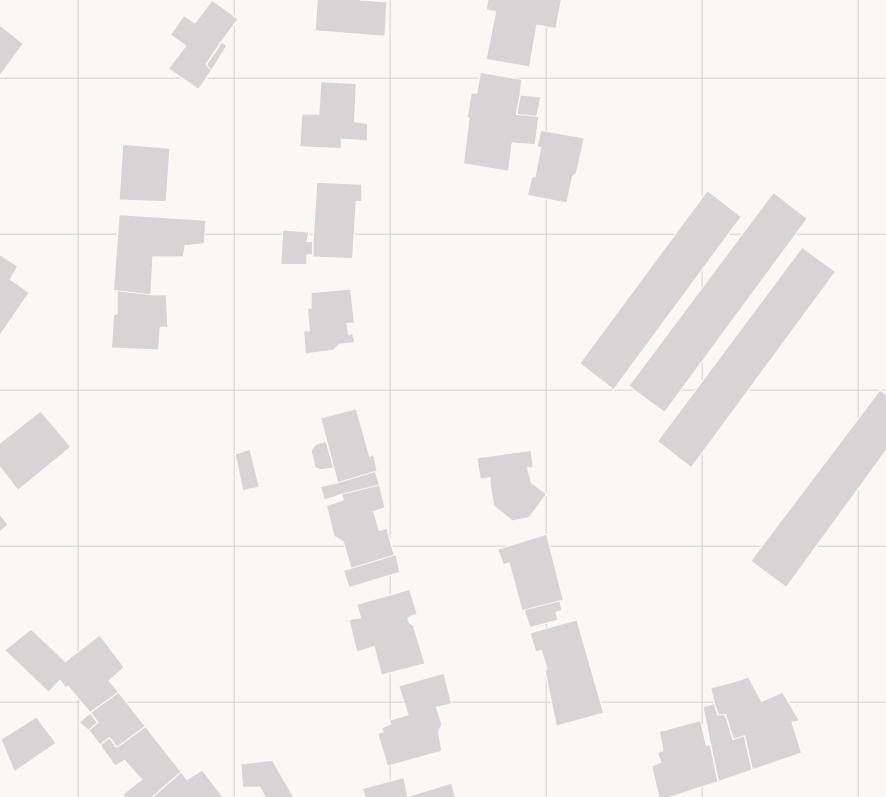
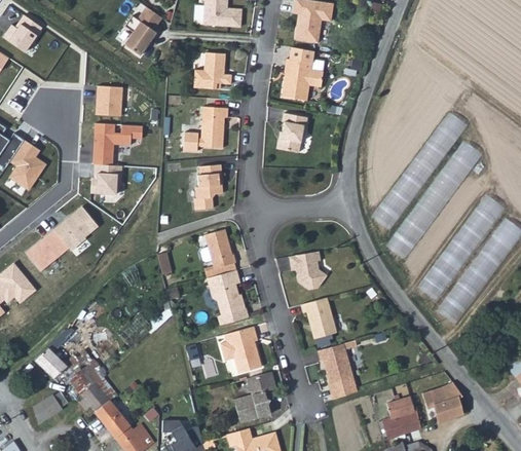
building: [527,131,584,203] -> [276,112,307,151]
building: [580,190,741,390] -> [418,193,506,301]
building: none -> [53,206,99,251]

